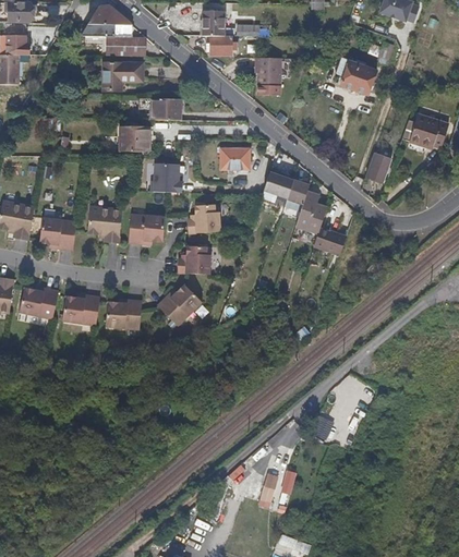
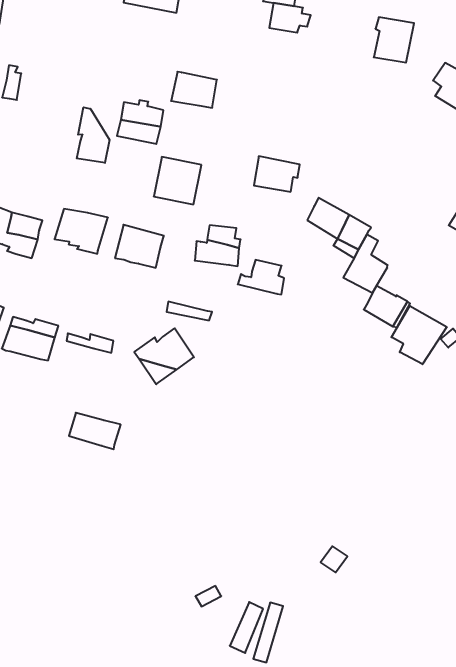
building: [258,59,286,88] -> [374,17,414,63]
building: [106,63,144,90] -> none
building: none -> [77,107,110,163]
building: none -> [391,306,447,364]
building: [173,245,206,267] -> [238,260,284,294]
building: [102,305,138,327] -> [69,413,121,449]

